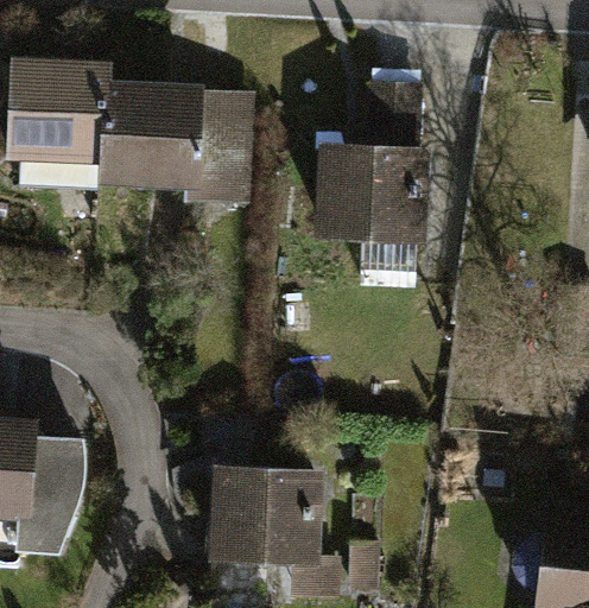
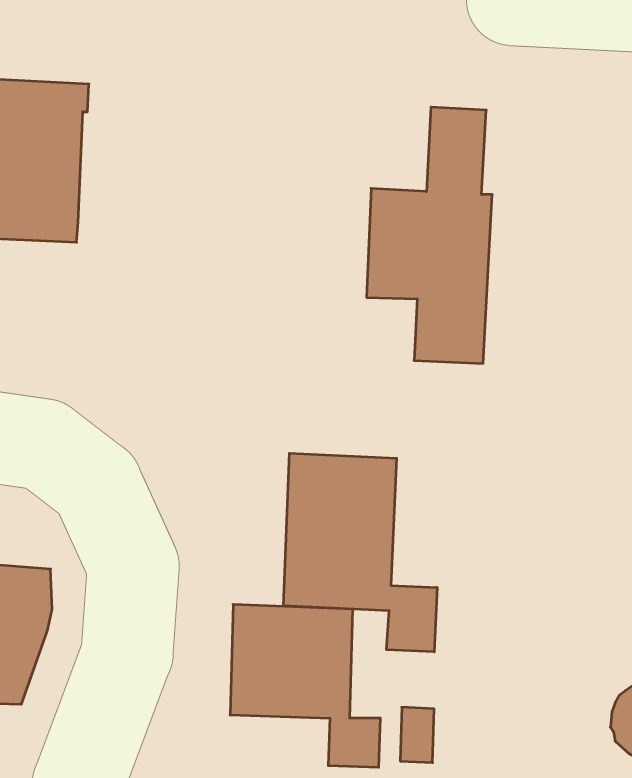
building: [102,88,248,198] -> none
building: none -> [284,453,437,652]

